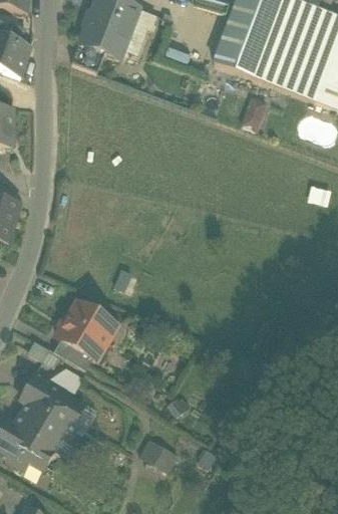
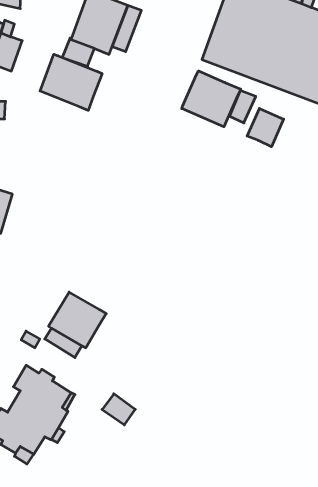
building: none -> [40,54,102,110]
building: none -> [182,71,241,127]
building: none -> [247,108,284,147]
building: [143,438,178,470] -> [102,394,135,425]

